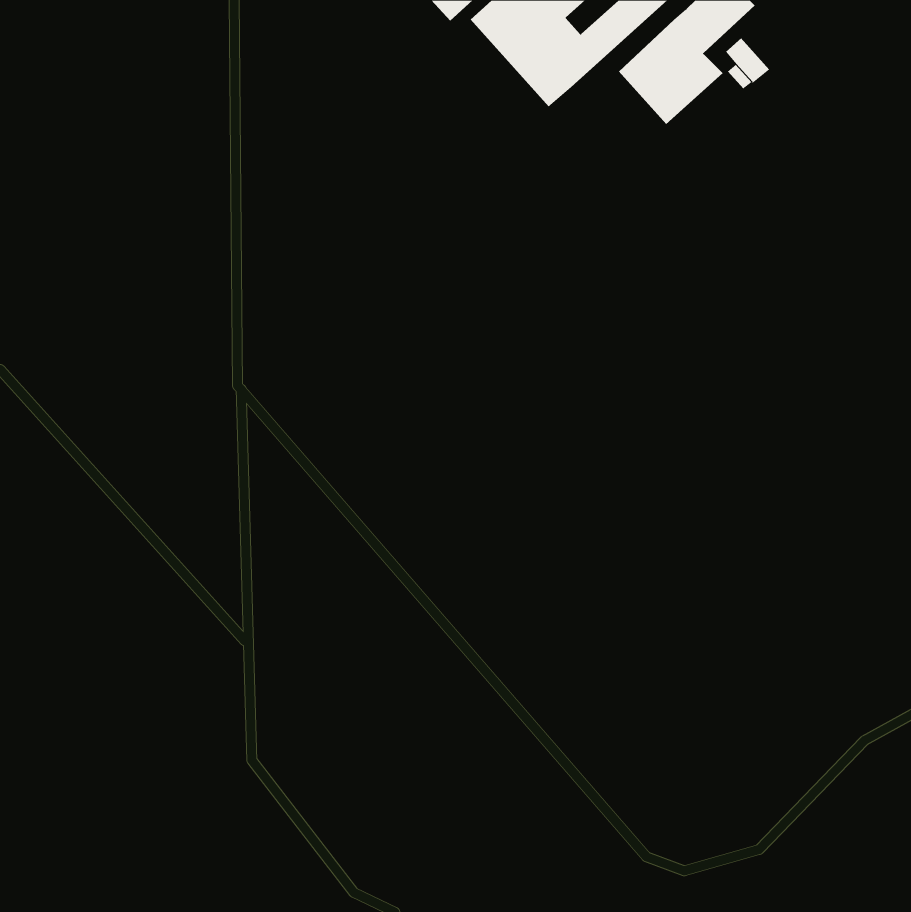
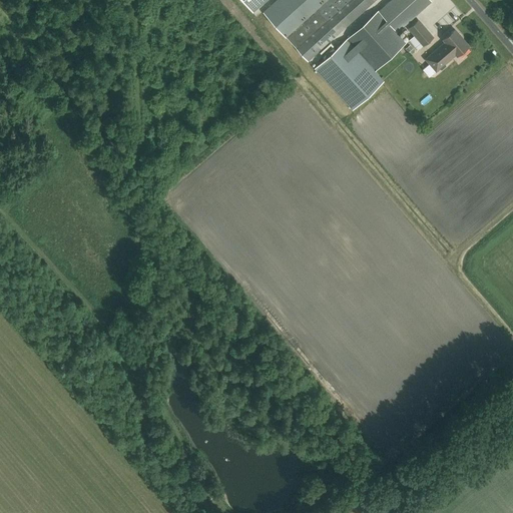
building: none -> [428,29,470,71]
building: none -> [315,39,385,110]

